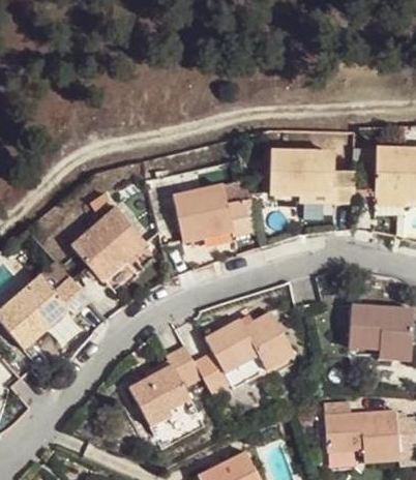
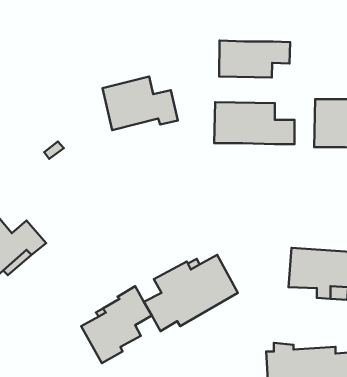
building: none -> [219,41,290,77]
building: [173,184,252,241] -> [102,77,178,130]
building: [71,207,146,281] -> none

